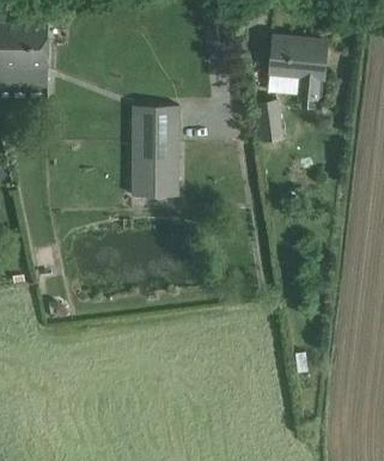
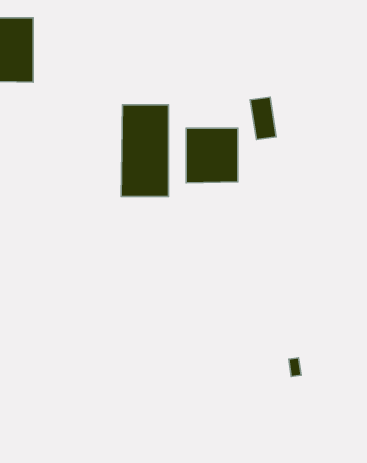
building: [270,38,327,98] -> none
building: none -> [186,128,238,183]

